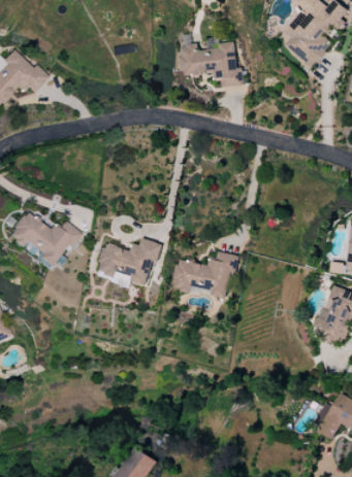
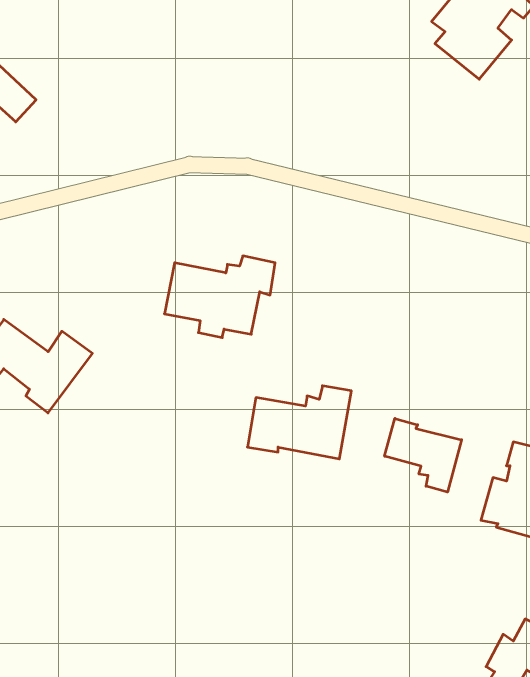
building: [179,41,242,87] -> none
building: [93,238,160,287] -> [164,256,275,338]
building: none -> [385,418,462,492]

